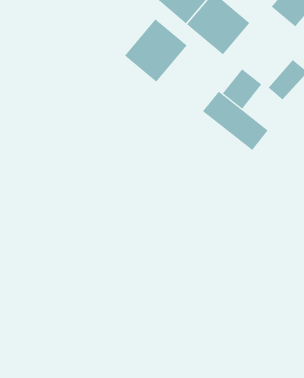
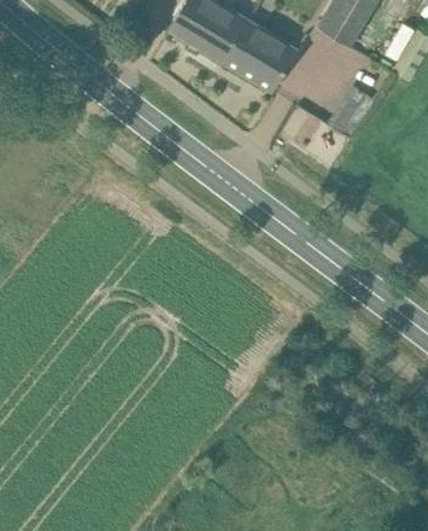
building: [124,19,187,83] -> none
building: [202,91,269,151] -> none

